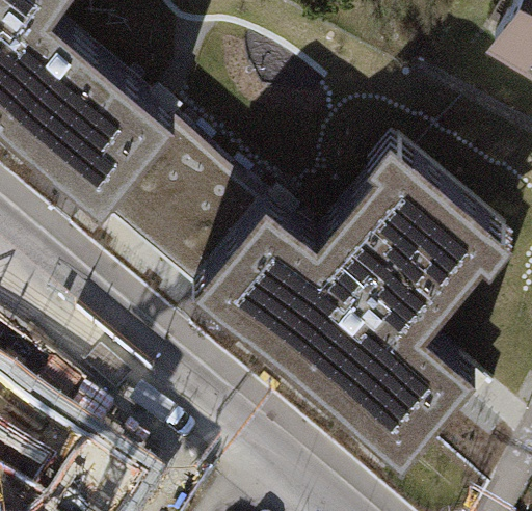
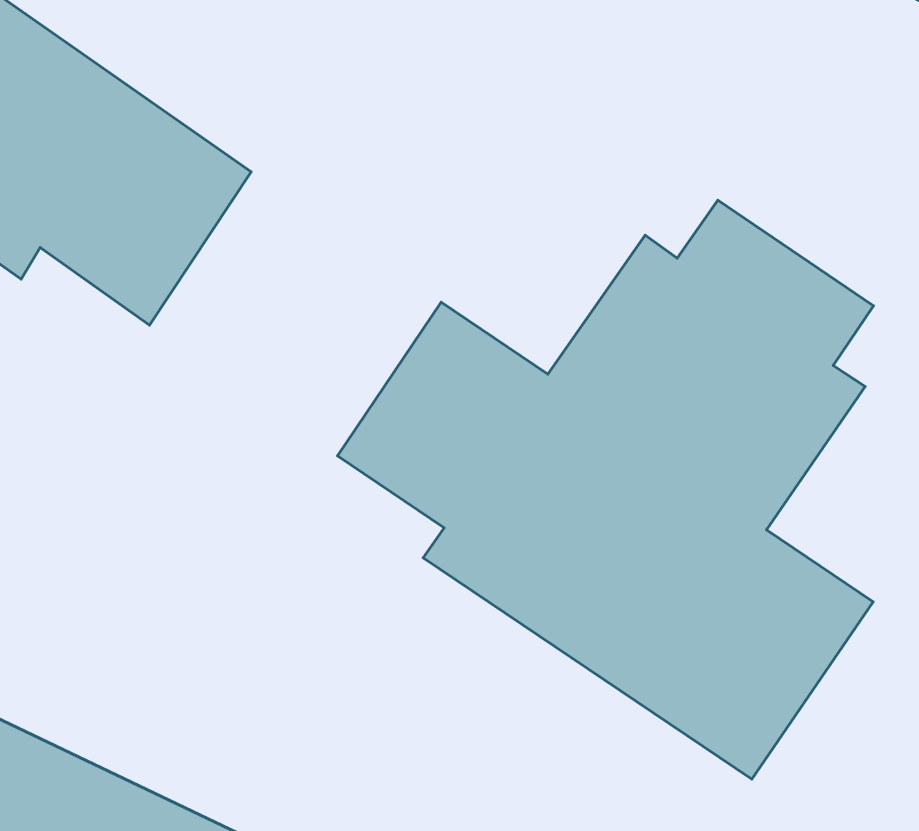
building: [100,125,263,290] -> none

